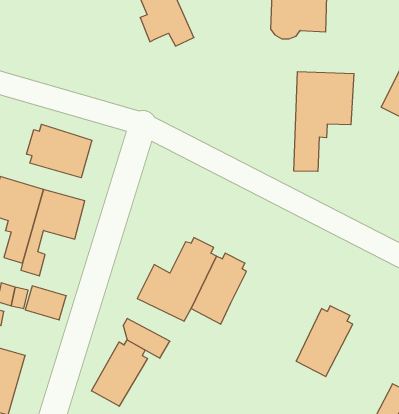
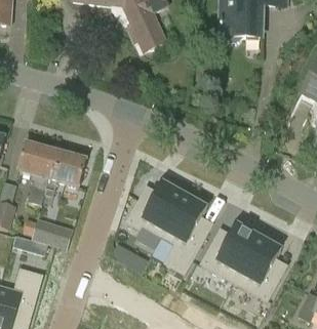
building: [294,72,354,171] -> none
building: [27,124,92,178] -> none
building: none -> [201,223,257,284]
building: [91,340,147,406] -> none

